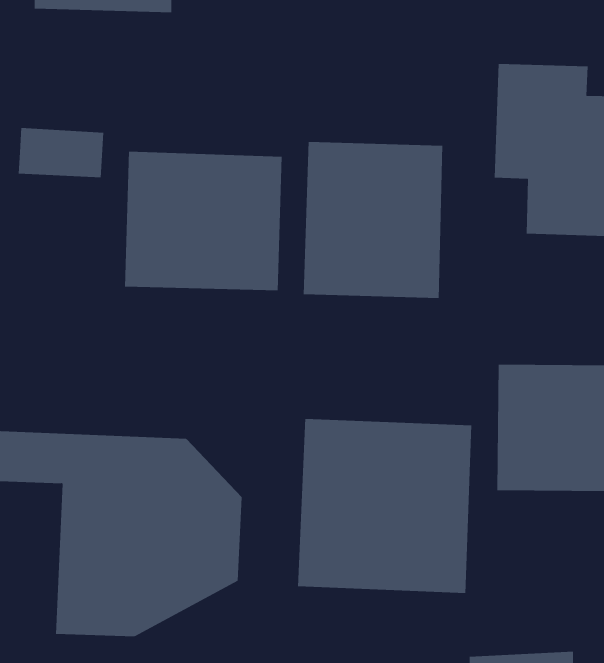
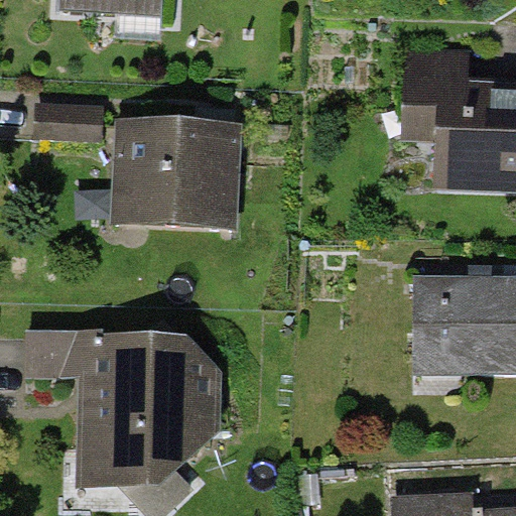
building: [303,141,443,299] -> none
building: [297,418,472,594] -> none

